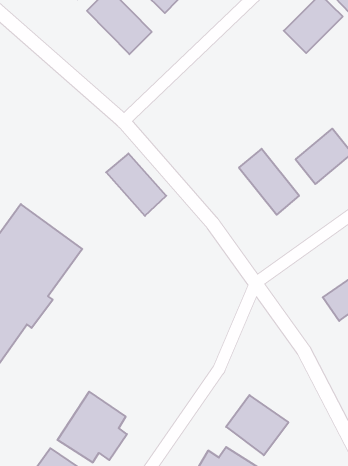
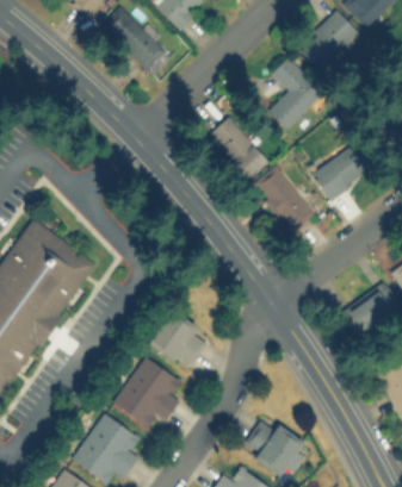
building: none -> [268,56,324,130]
building: [106,153,166,216] -> [208,115,268,179]
building: none -> [150,311,210,367]
building: none -> [112,355,181,426]

